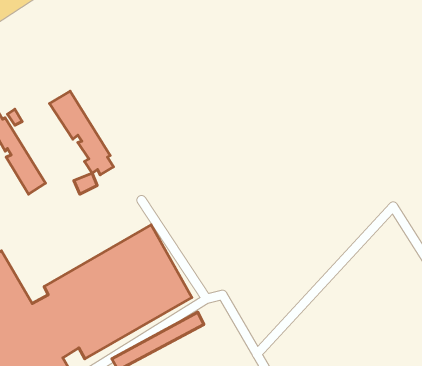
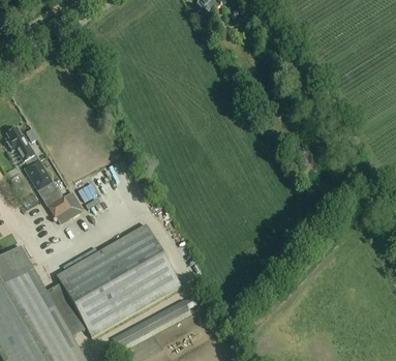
building: [50,91,113,175] -> none
building: none -> [42,188,70,216]

